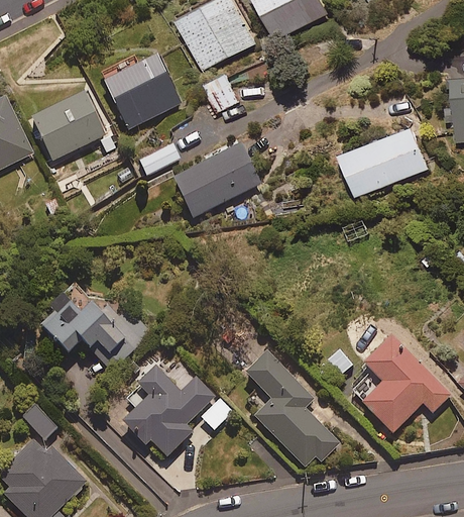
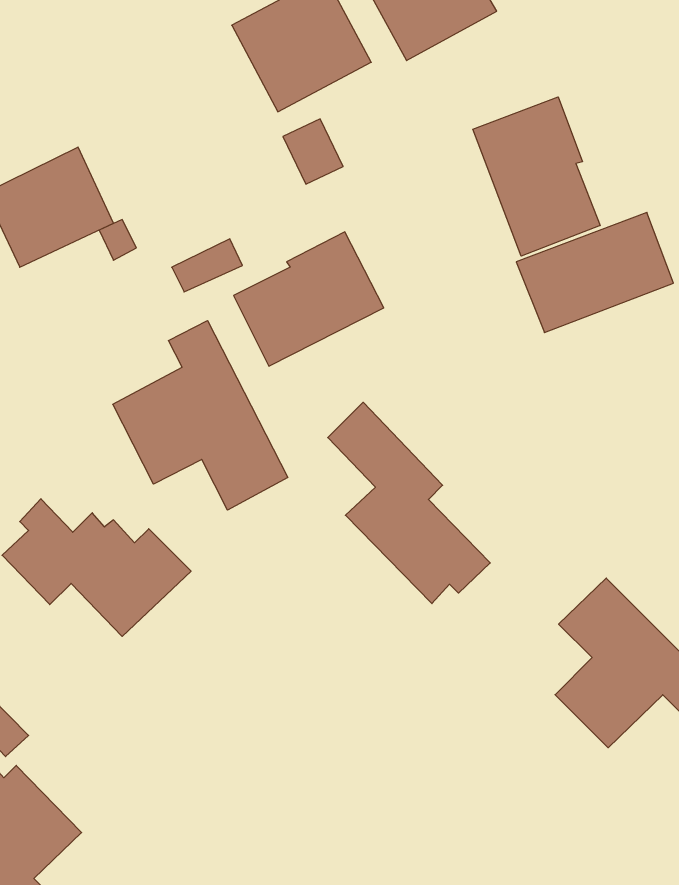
building: [101,53,183,128] -> none
building: none -> [473,97,600,256]
building: none -> [113,321,288,510]
building: [246,351,339,467] -> [328,402,490,604]
building: [125,360,215,456] -> none

